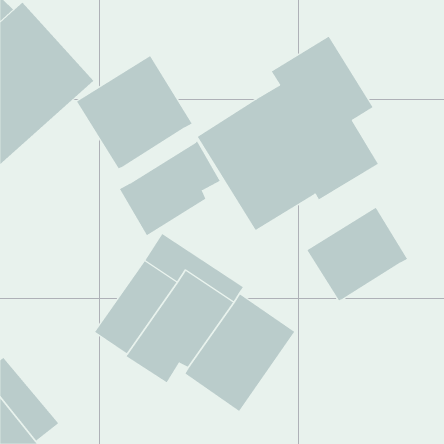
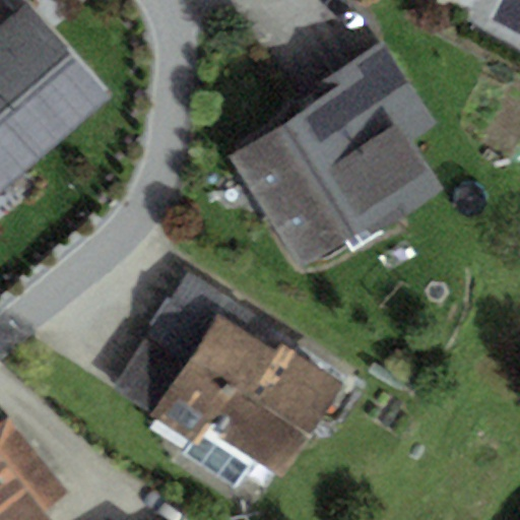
building: [76,55,193,169] -> none
building: [119,141,220,236] -> none
building: [307,207,408,301] -> none

